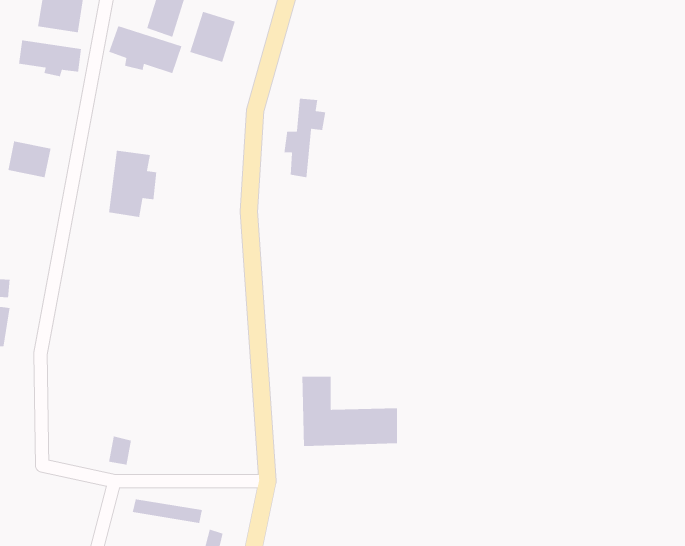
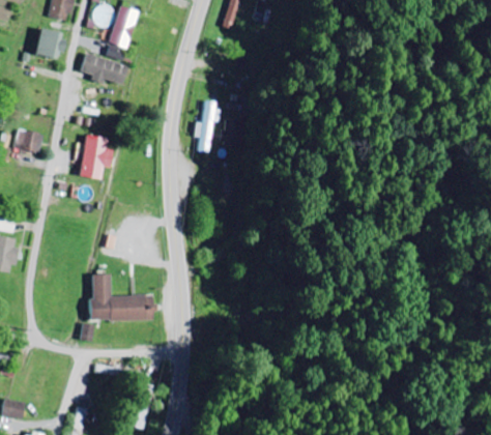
building: [189,11,236,63] -> none
building: [18,39,82,77] -> none
building: [301,376,398,447] -> [90,274,153,321]

